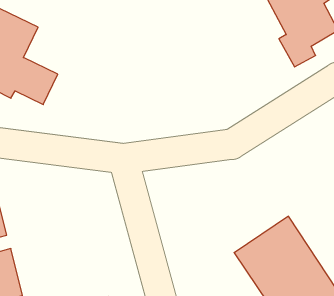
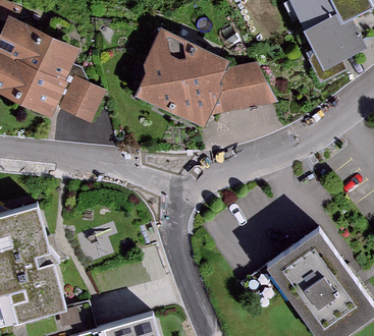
building: none -> [142,33,262,125]

